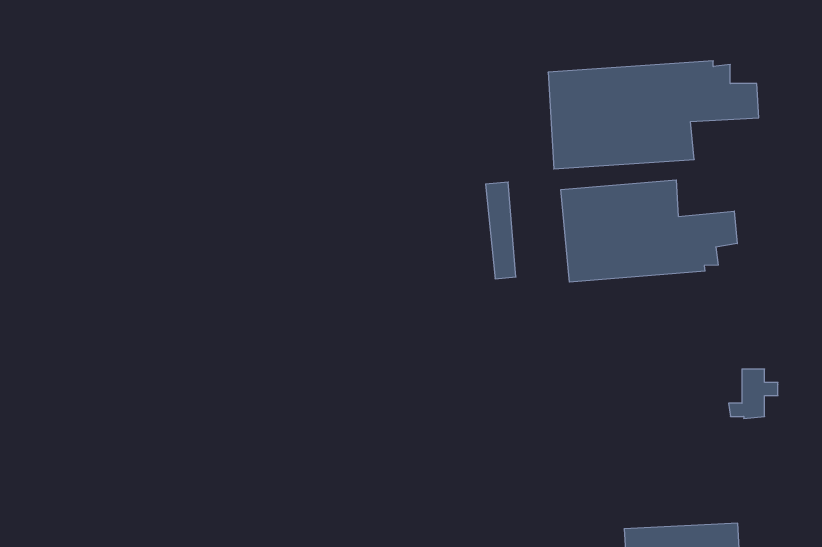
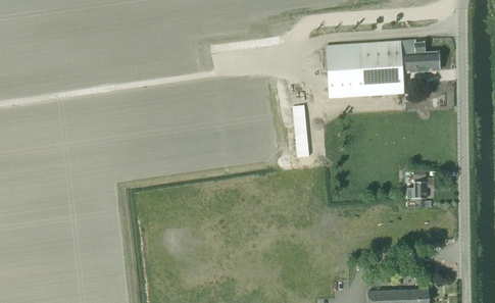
building: [561,180,737,282] -> none
building: [729,369,778,418] -> [406,172,433,199]

